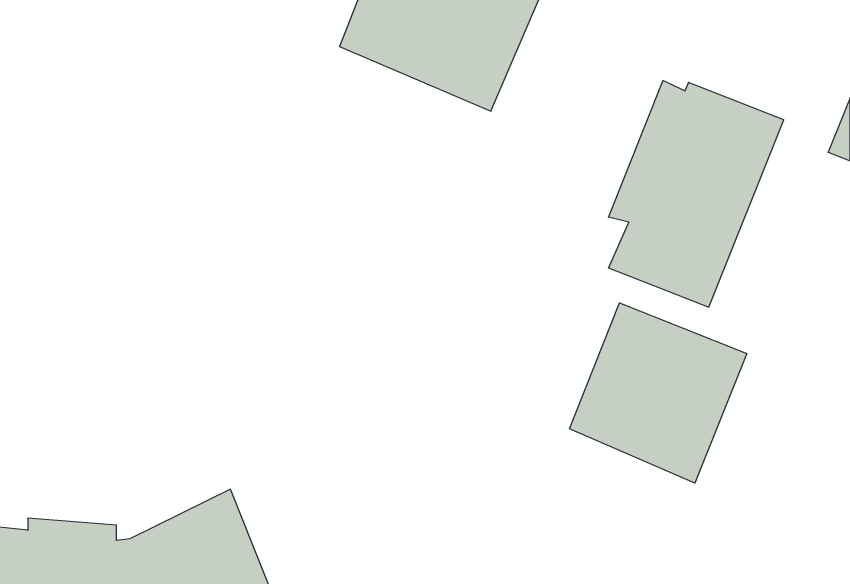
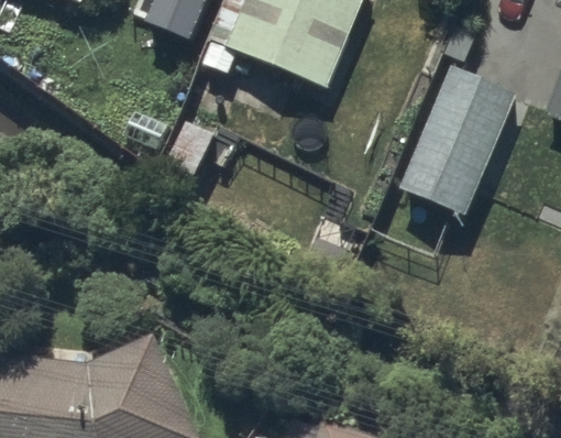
building: [569,303,747,483] -> none

